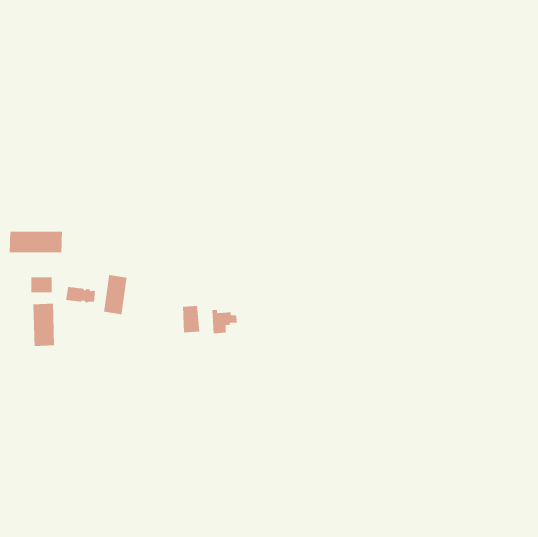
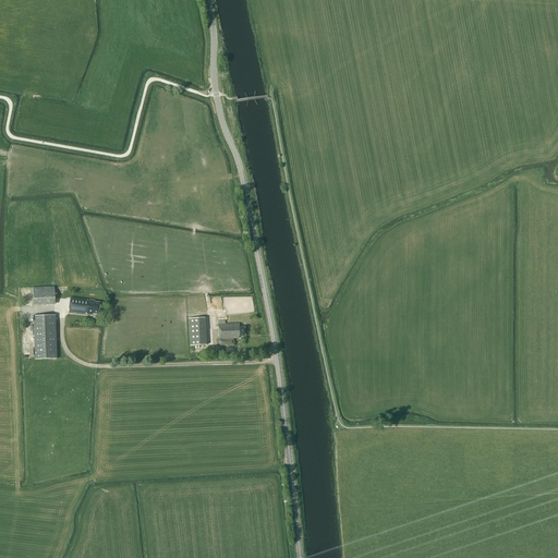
building: [9,231,62,253] -> none
building: [104,274,127,315] -> none

